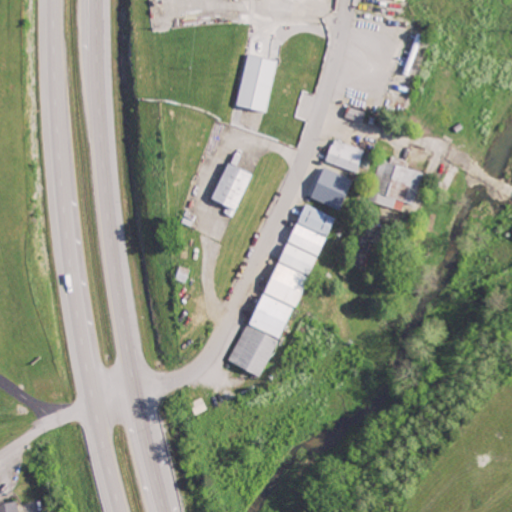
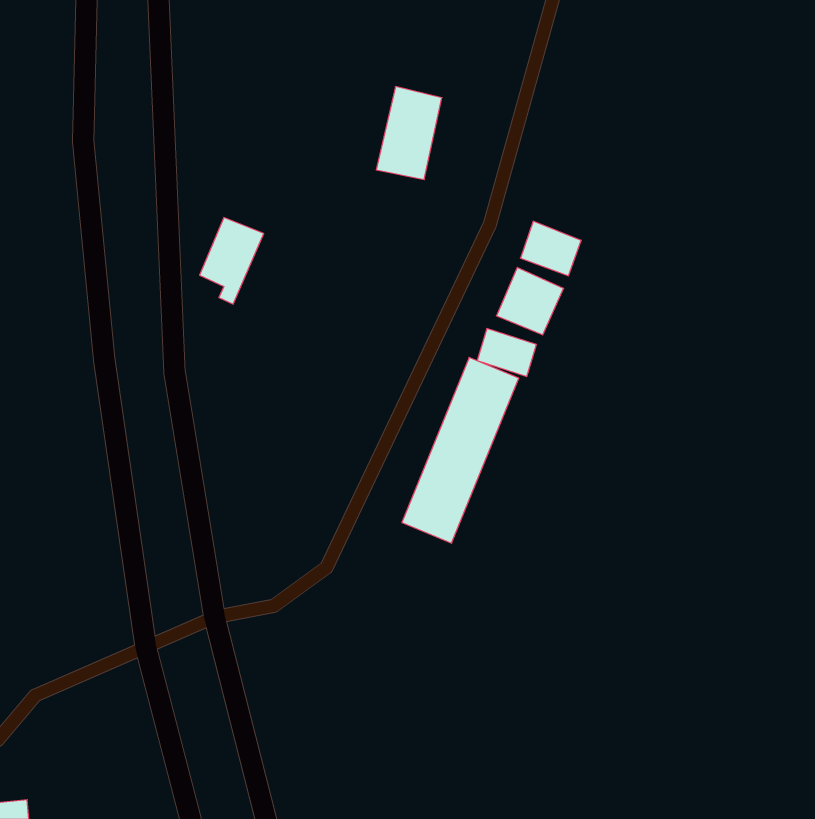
building: [373,156,421,209] -> none
building: [211,163,251,217] -> [200,218,264,304]
building: [228,325,277,376] -> none

